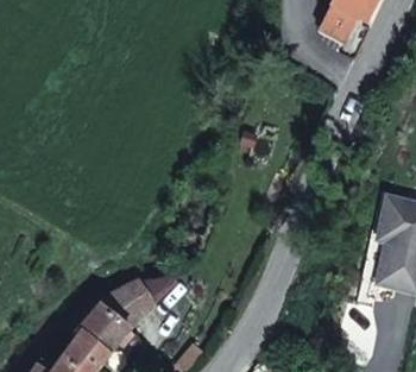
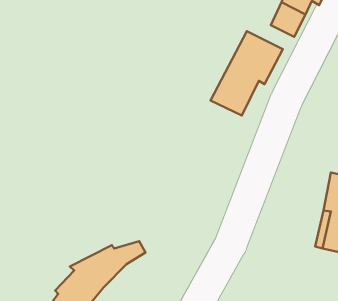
building: none -> [211,31,283,116]

